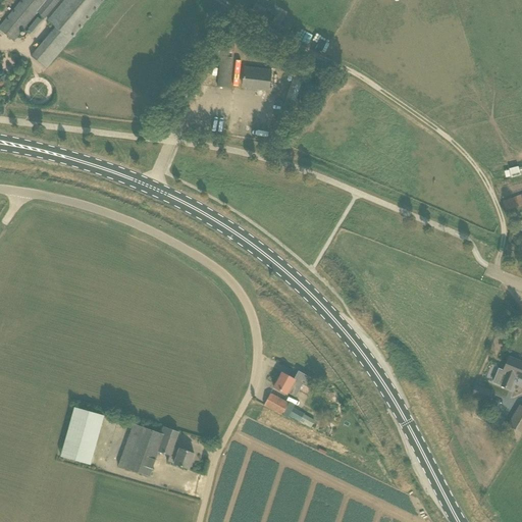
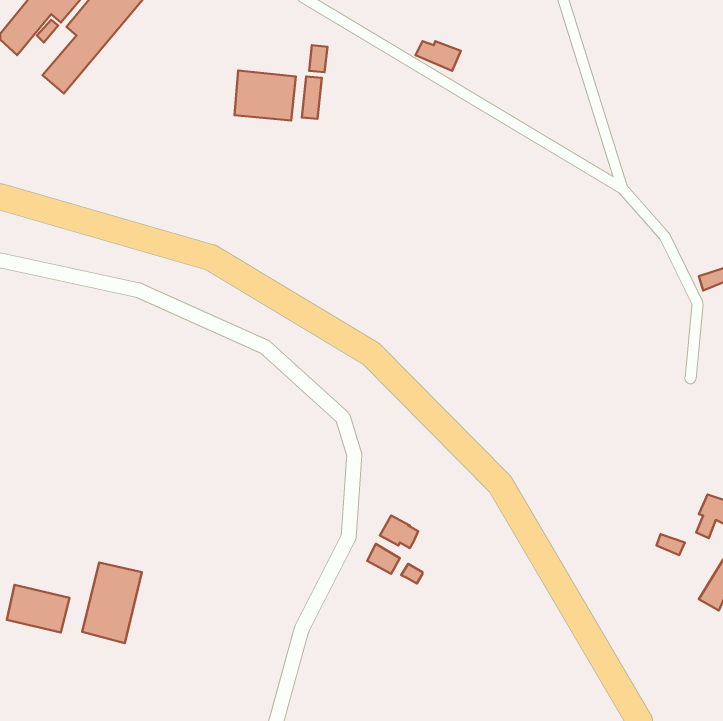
building: none -> [235,71,296,121]
building: [243,65,272,88] -> none
building: none -> [7,585,69,633]
building: [119,422,195,475] -> none

